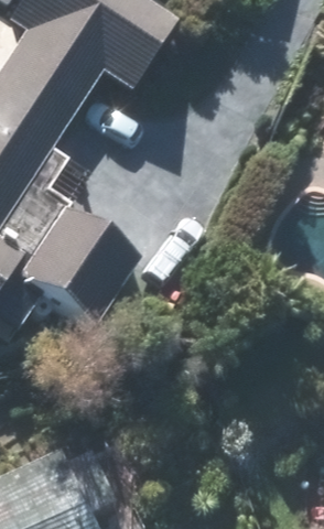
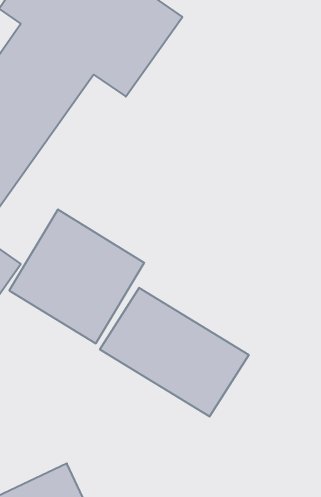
building: none -> [100,288,249,417]

